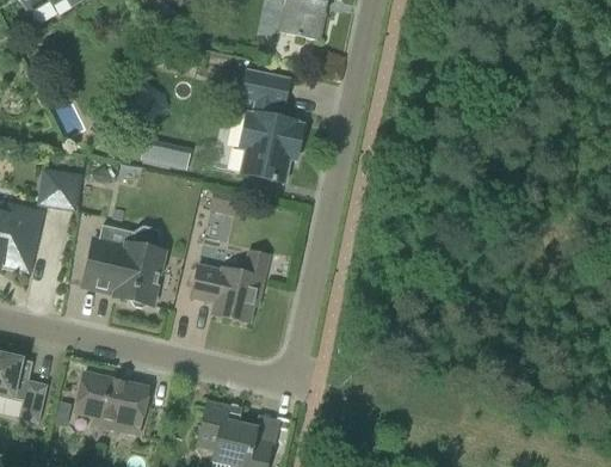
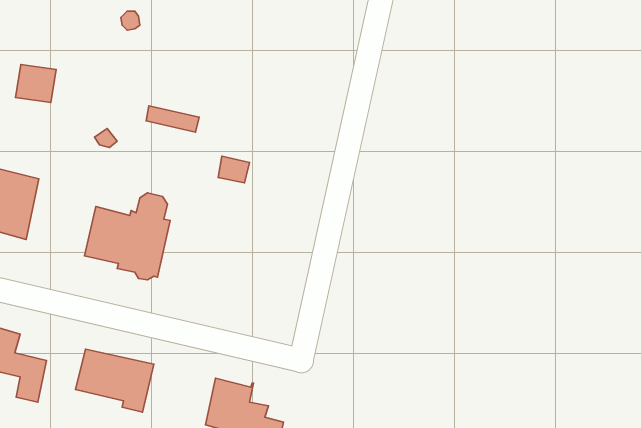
building: [239,68,303,182] -> none
building: [39,171,78,207] -> [16,65,56,102]
building: [191,248,270,321] -> none

